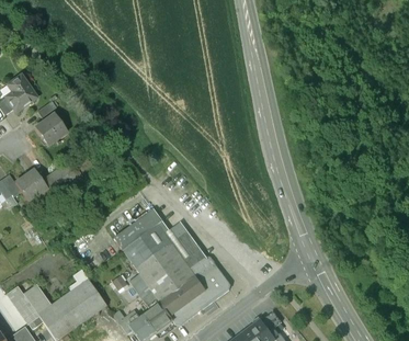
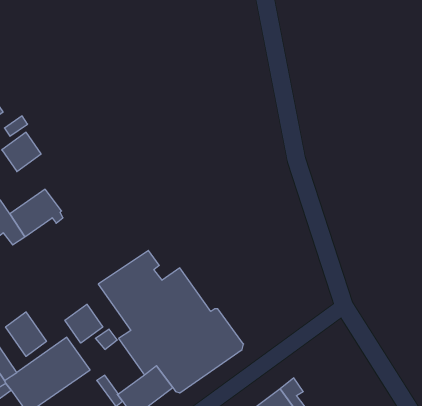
building: none -> [65,304,103,343]
building: none -> [6,312,46,356]

